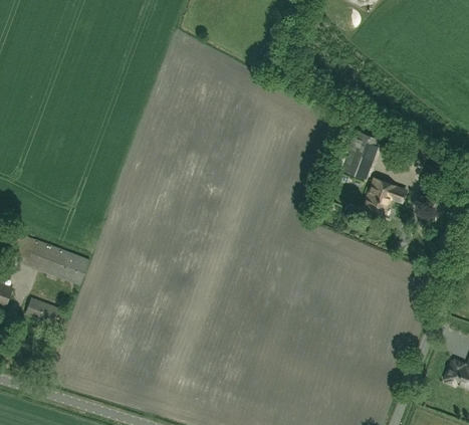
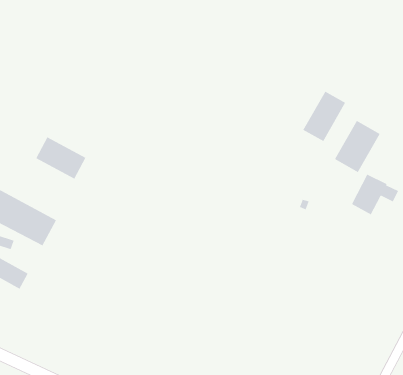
building: none -> [303,91,346,142]
building: none -> [35,137,86,180]

